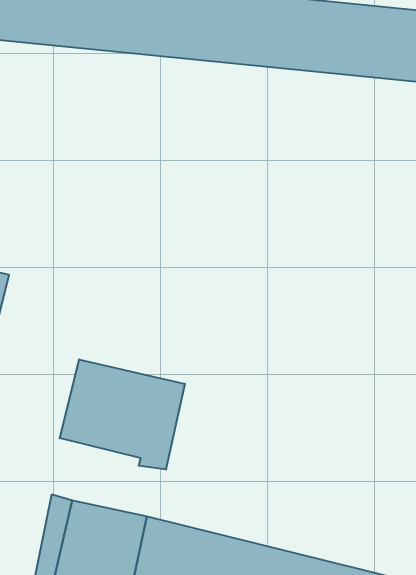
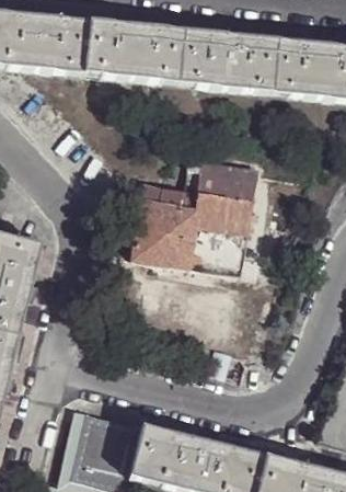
building: none -> [134,157,258,275]
building: [60,359,185,470] -> none

